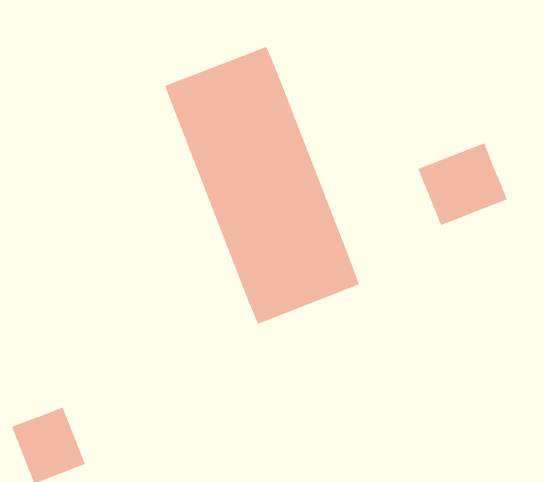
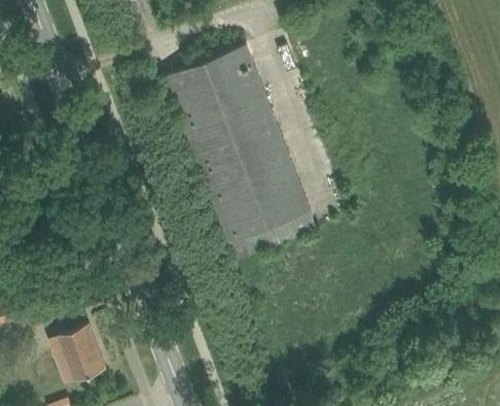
building: [418,142,507,226] -> none

